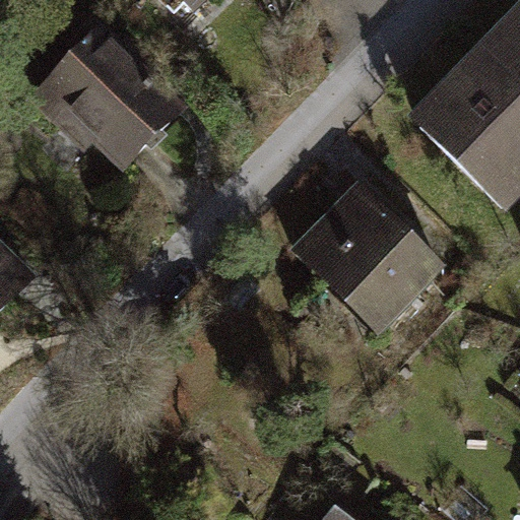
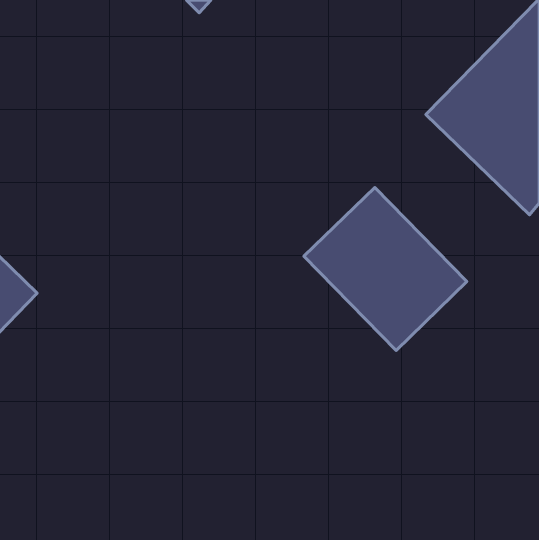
building: [38,38,181,171] -> none

